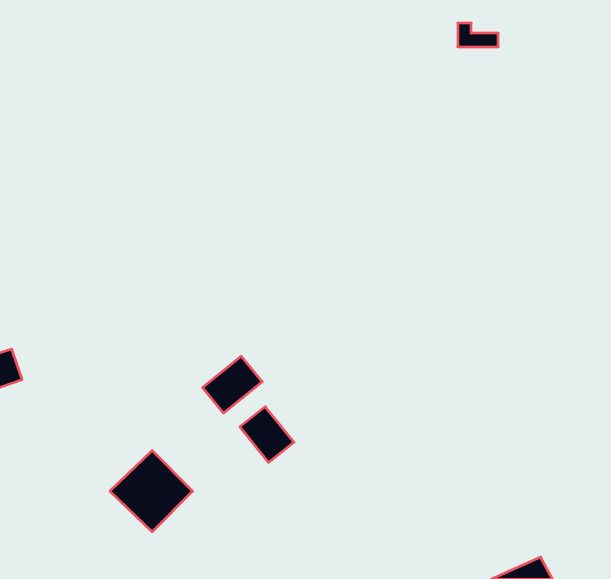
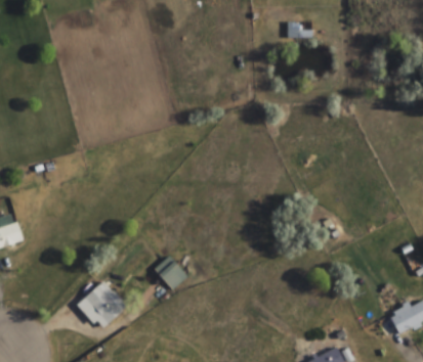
building: [203,356,262,413] -> none

